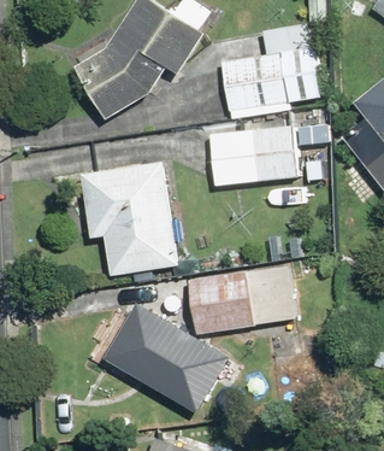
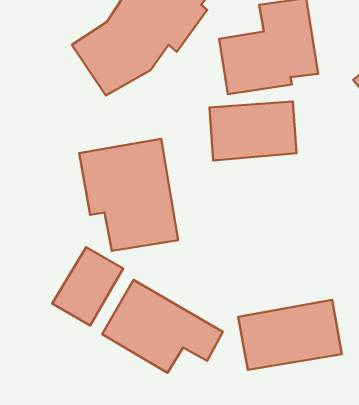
building: [188,264,291,334] -> [238,300,342,370]
building: none -> [52,247,123,325]

